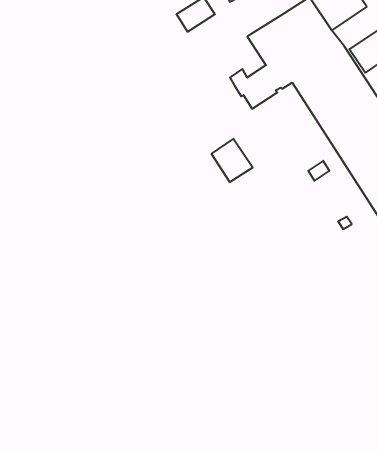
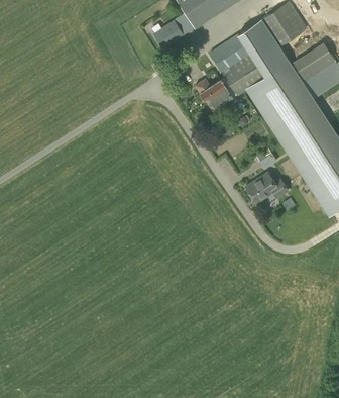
building: [212,139,253,182] -> none
building: none -> [245,172,288,203]

